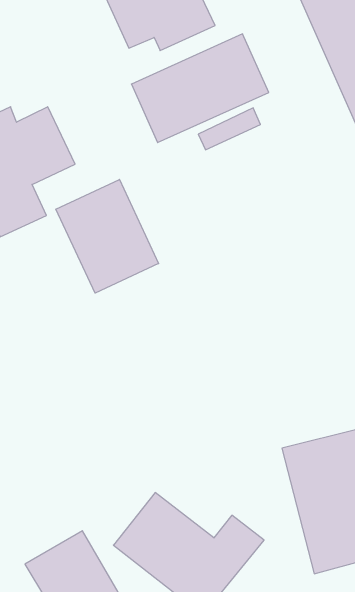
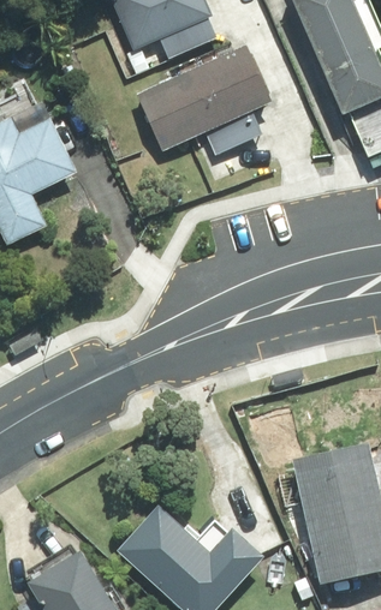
building: [56,179,159,293] -> none

